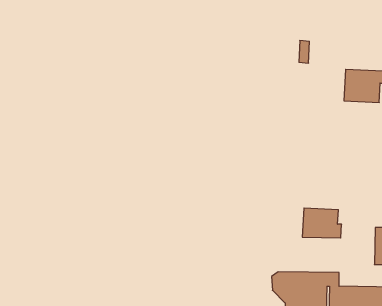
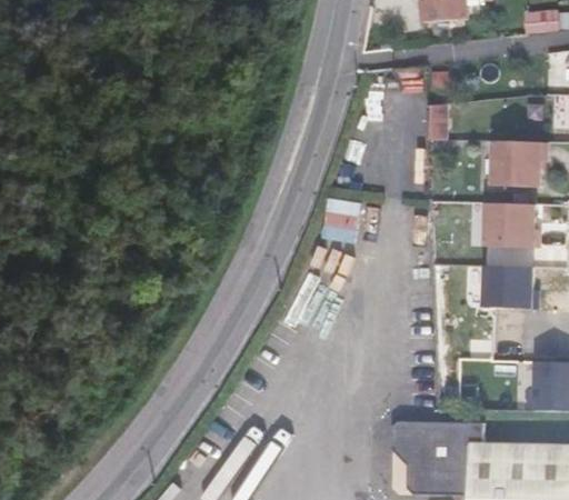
building: none -> [487,203,539,247]
building: [302,208,342,238] -> [483,266,538,307]

